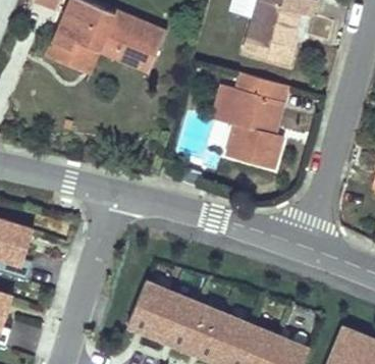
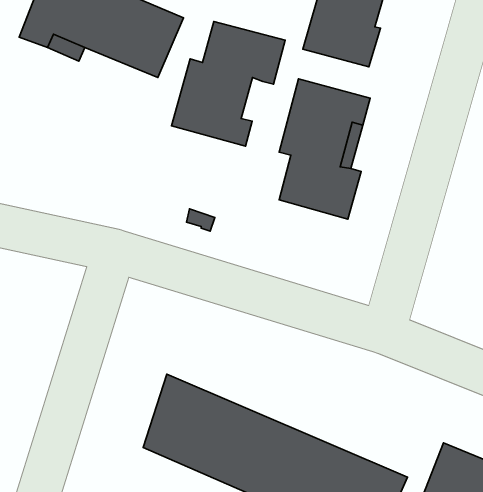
building: none -> [171,21,285,146]

